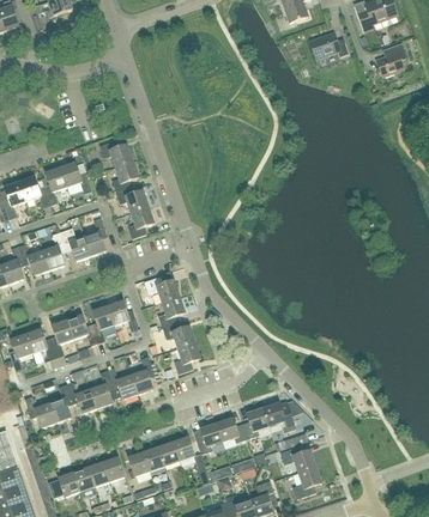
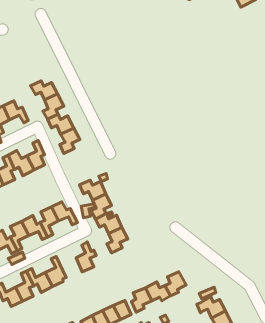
building: [107,367,138,400] -> none
building: [262,403,296,432] -> none

